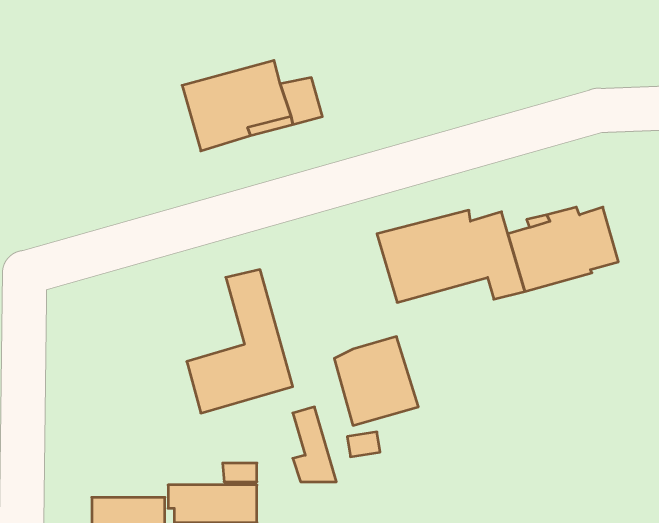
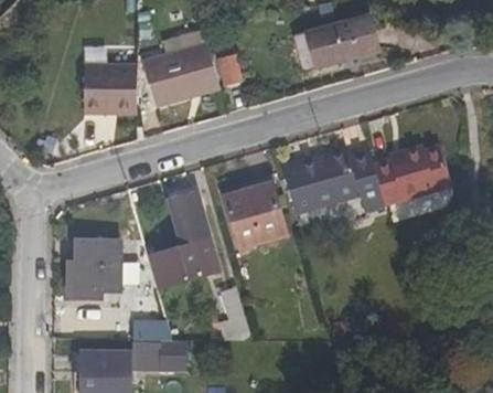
building: none -> [293,15,378,70]
building: none -> [83,65,135,115]
building: [334,337,418,425] -> [226,184,286,247]
building: none -> [76,240,119,300]

